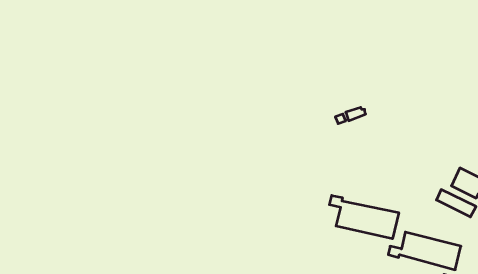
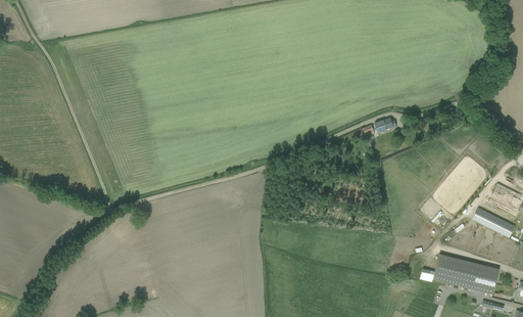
building: [329,195,399,239] -> none

